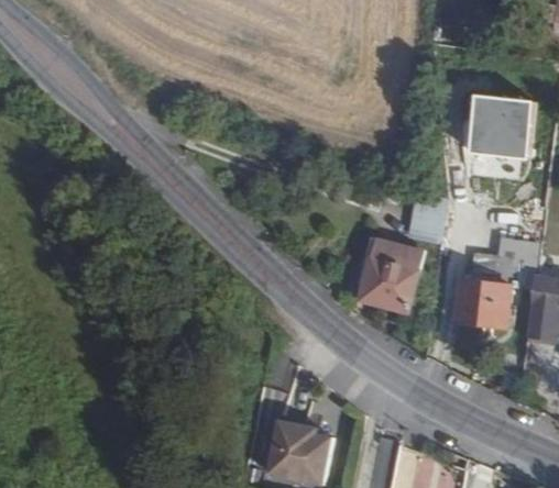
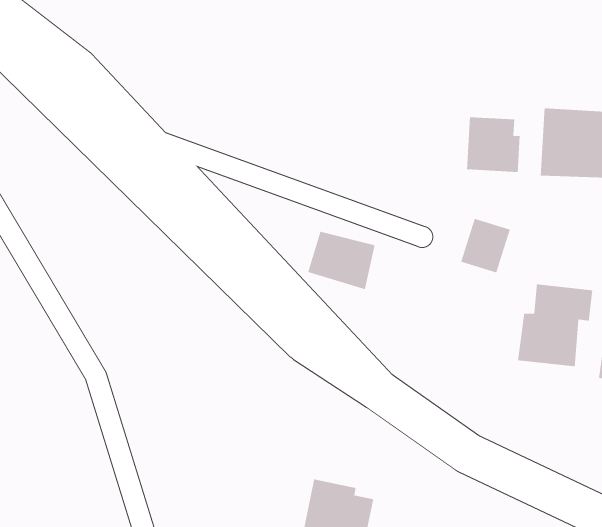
building: none -> [466,116,521,173]
building: [357,249,416,301] -> [307,231,376,290]

